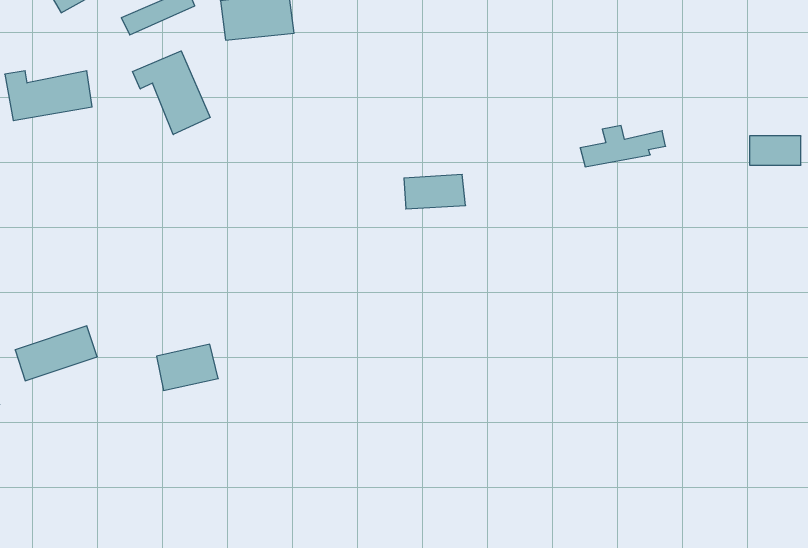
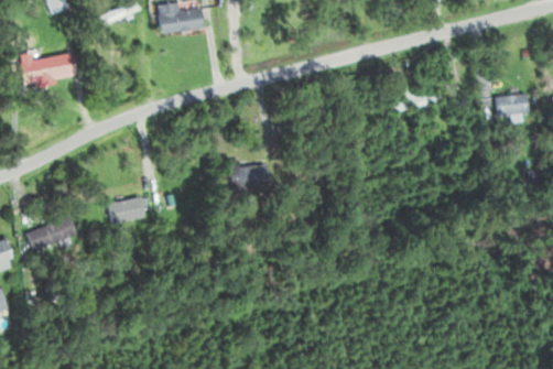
building: [133,51,210,135] -> none
building: [404,175,466,209] -> [230,165,270,187]
building: [157,344,218,390] -> [107,196,147,226]

